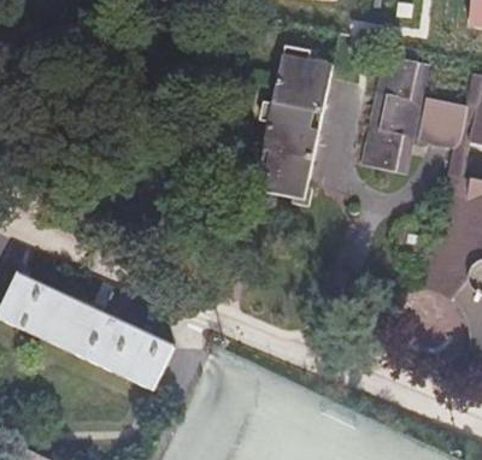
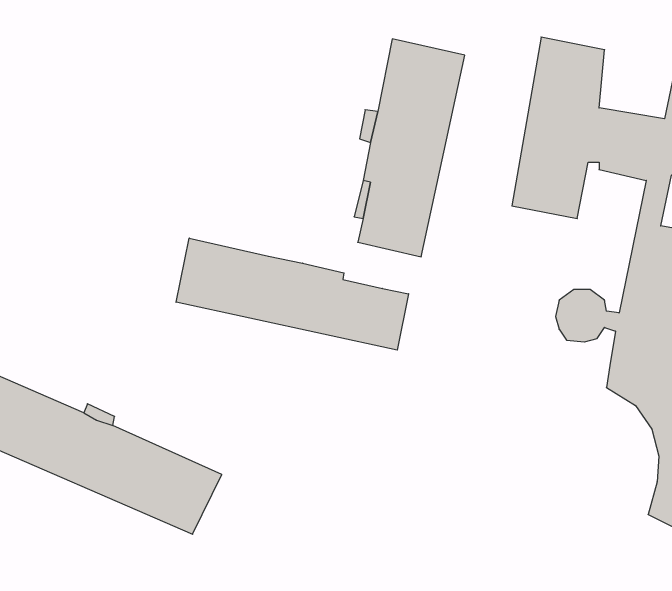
building: none -> [176,238,409,350]

